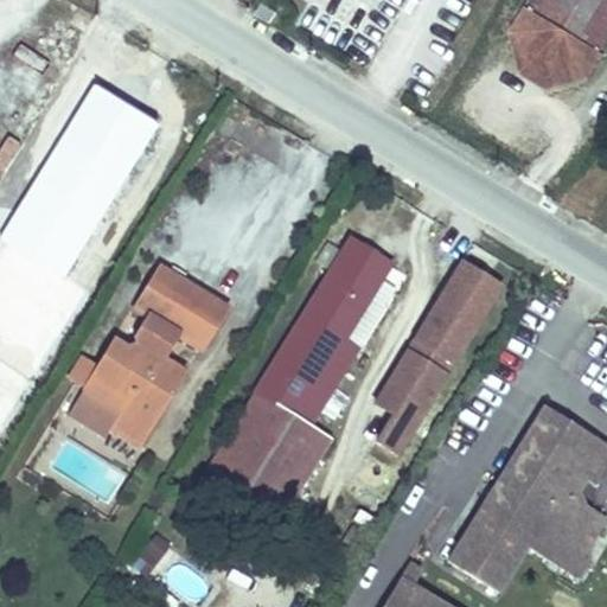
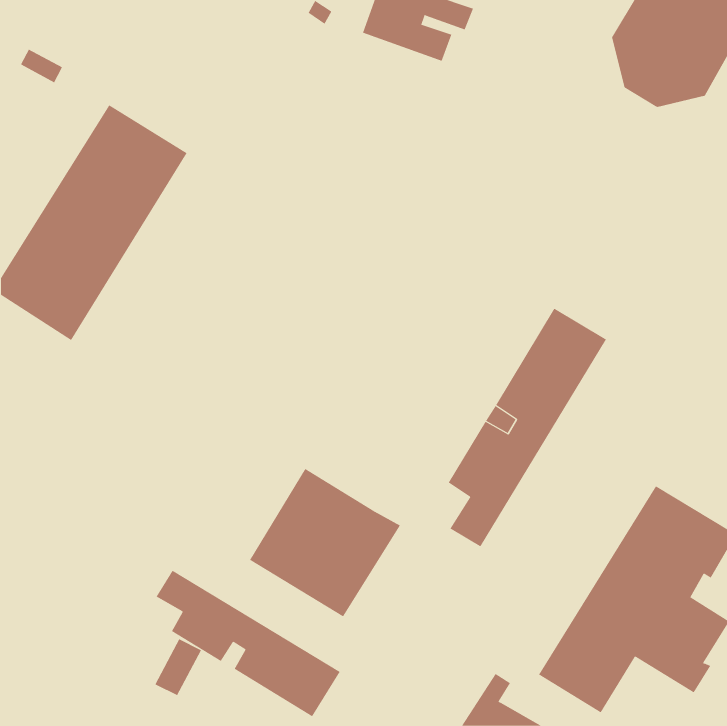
building: [256,231,397,423] -> none
building: [74,260,224,443] -> none
building: none -> [156,570,340,717]

